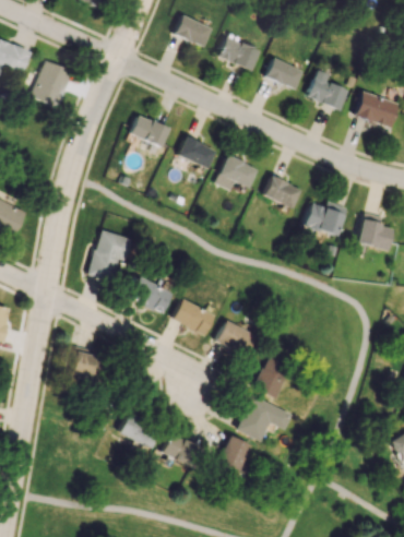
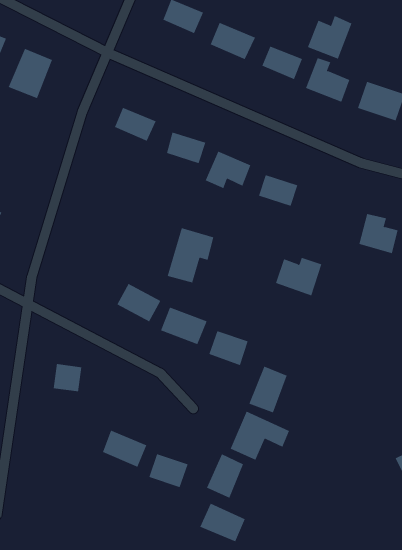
building: none -> [307,15,352,59]
building: [304,202,347,238] -> [275,257,322,296]
building: [87,230,131,282] -> [167,228,214,283]
building: none -> [200,503,246,542]

